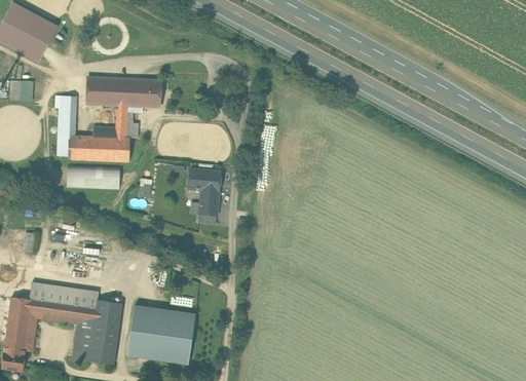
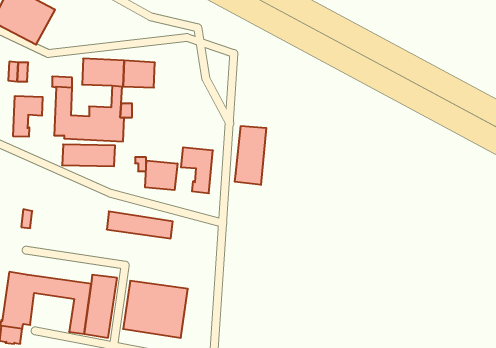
building: none -> [13,96,43,137]
building: none -> [235,126,266,185]
building: none -> [145,161,177,190]
building: [30,281,98,309] -> [107,211,173,238]

